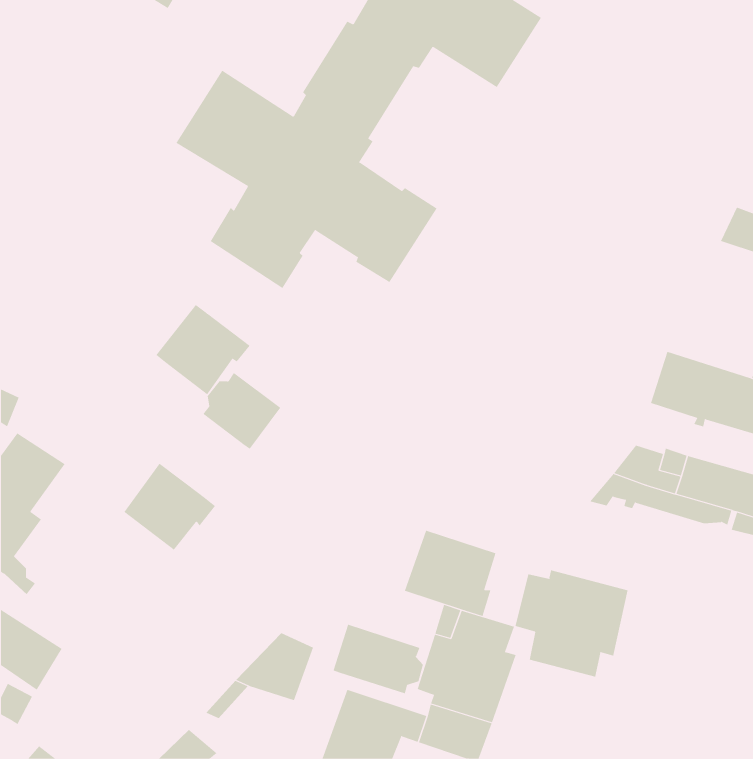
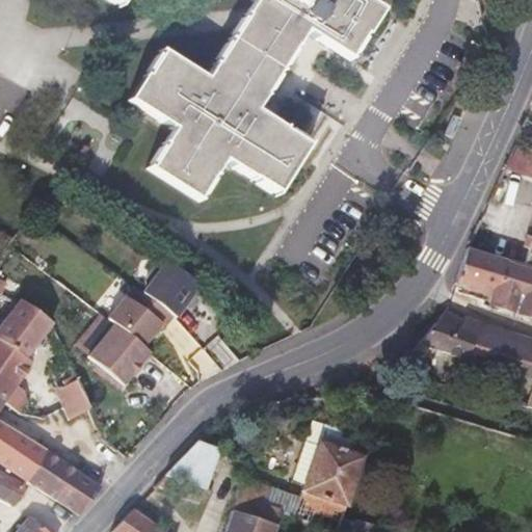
building: [155,304,251,395] -> [110,283,177,346]
building: none -> [57,369,92,422]
building: [404,530,496,617] -> none
building: [515,570,628,678] -> none
building: [333,624,424,694] -> none
building: none -> [31,453,106,516]

